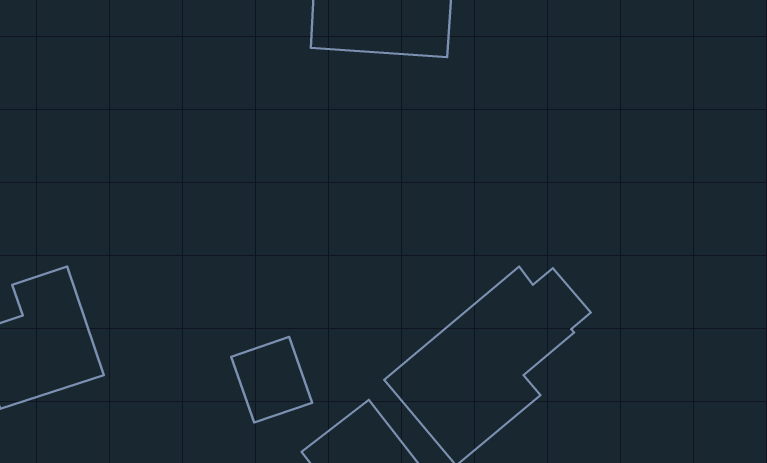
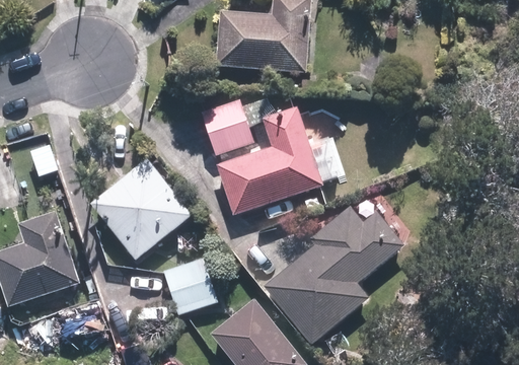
building: none -> [202,99,253,153]
building: none -> [217,107,322,214]
building: none -> [90,158,192,260]

